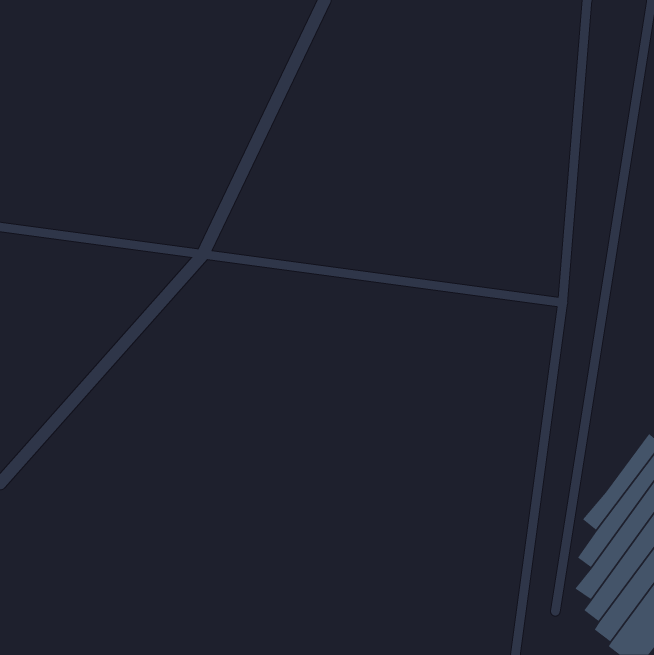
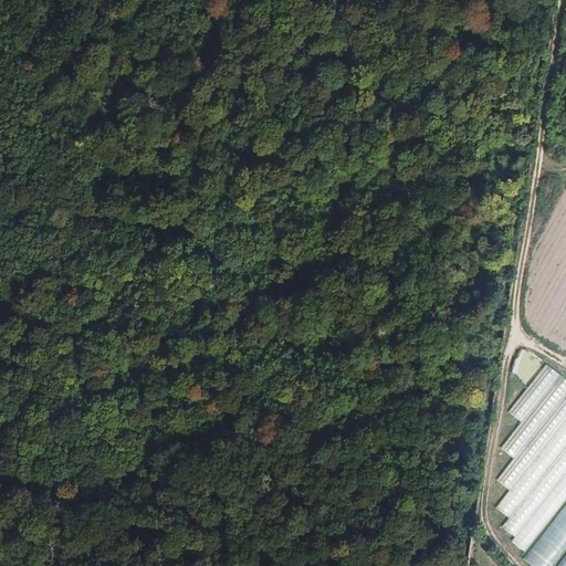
building: none -> [509,363,560,424]

